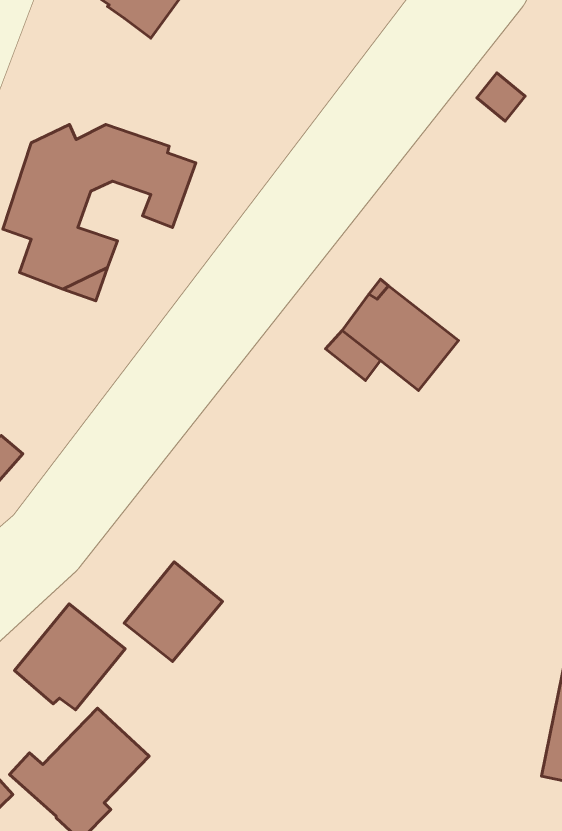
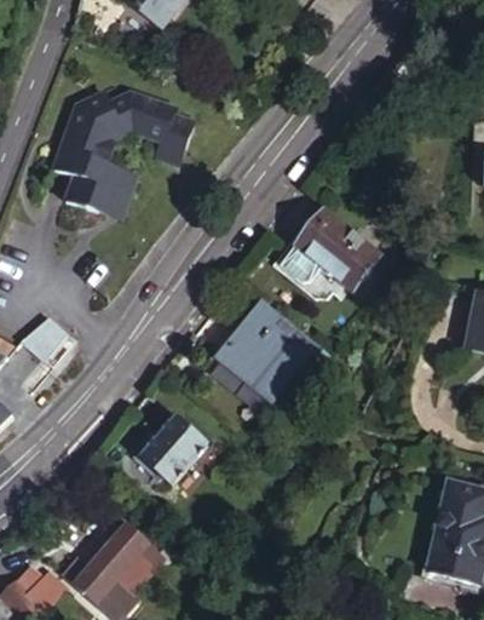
building: none -> [221,303,316,398]
building: [15,604,125,710] -> none

